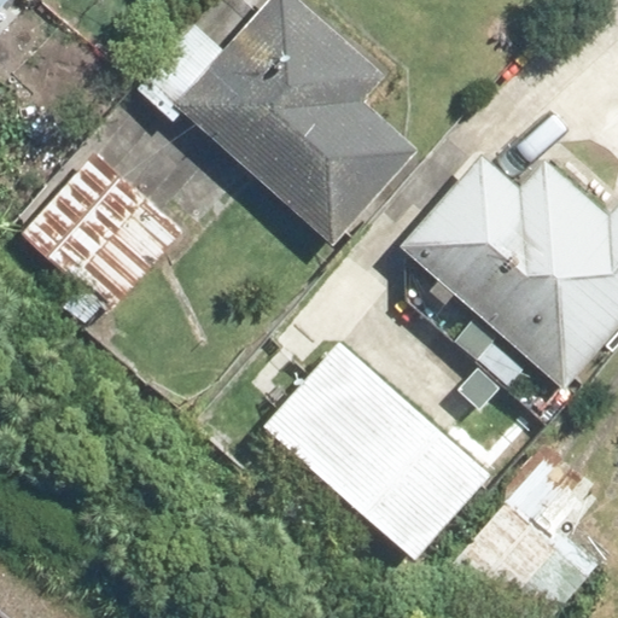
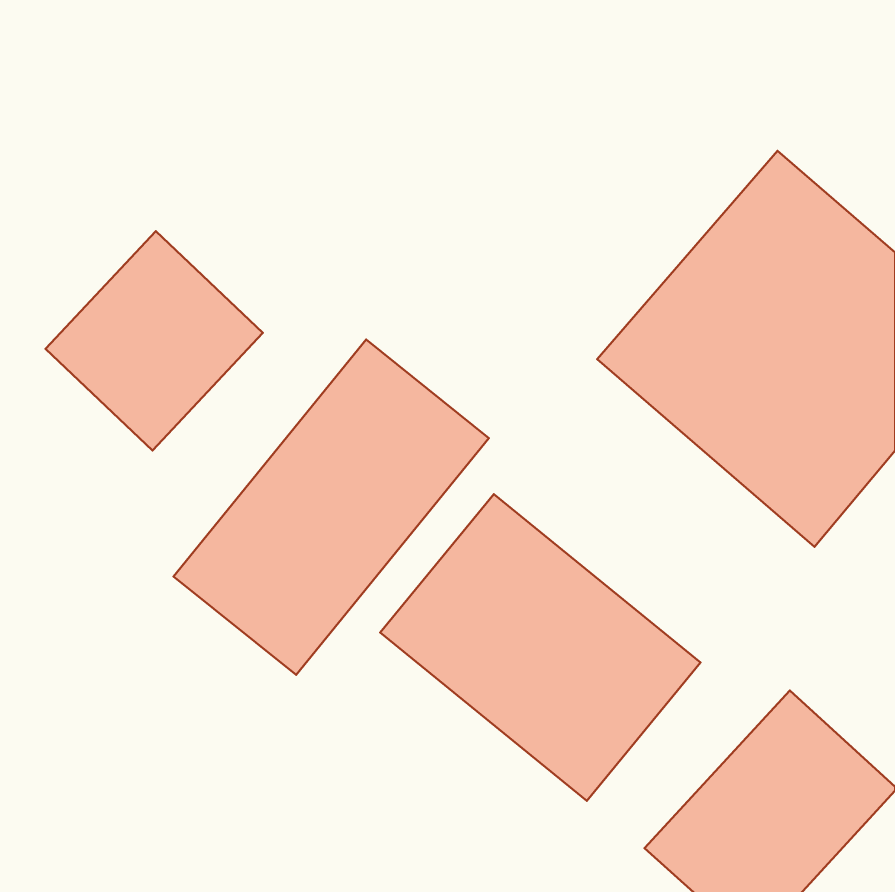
building: [175,7,409,246] -> none
building: none -> [173,340,489,675]

